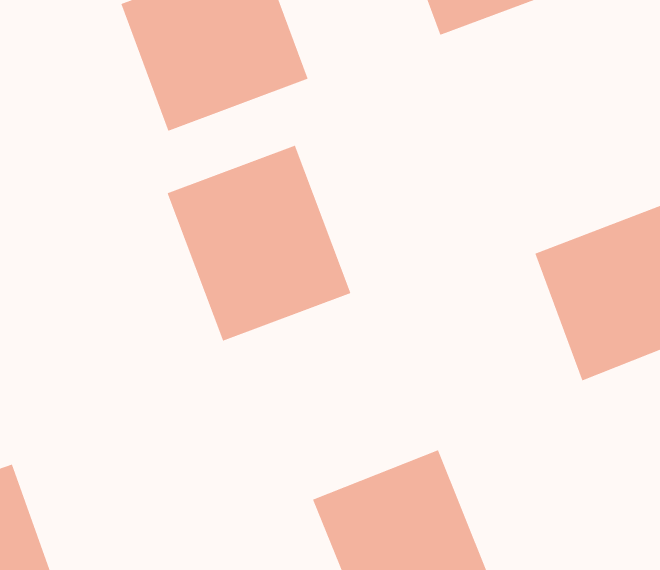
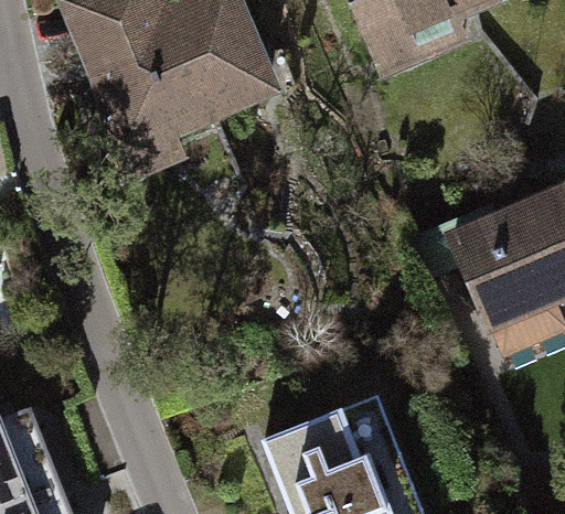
building: [167,145,351,341] -> none

